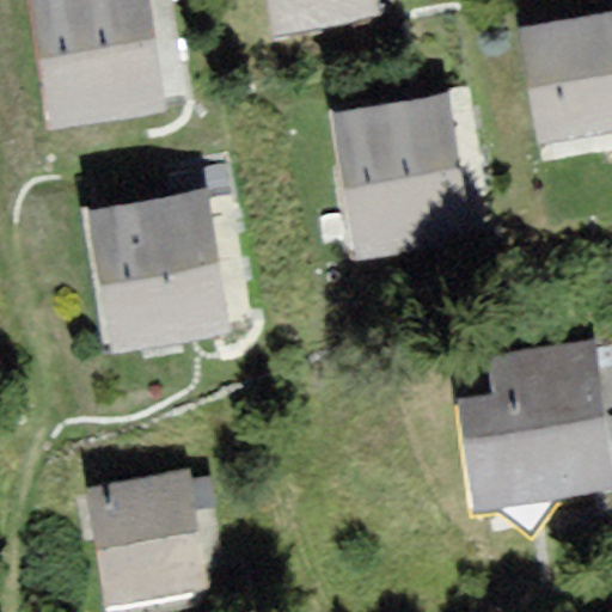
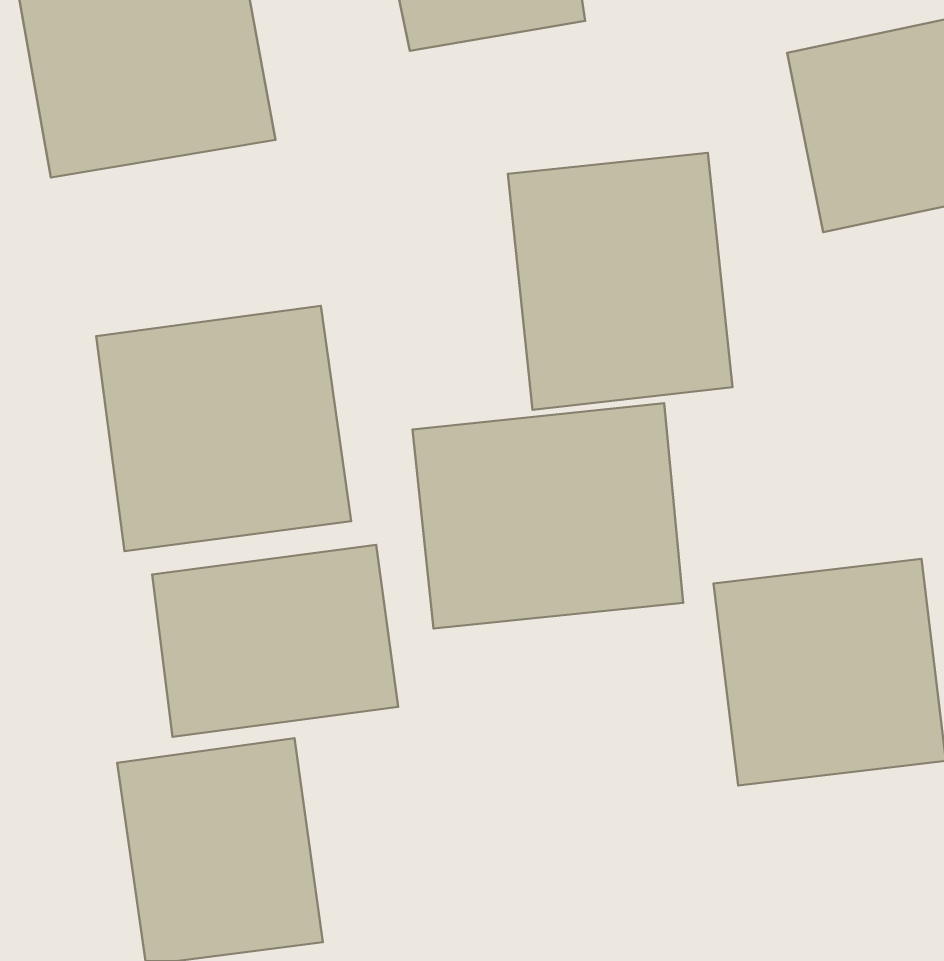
building: none -> [412,403,683,629]
building: none -> [152,545,398,737]

